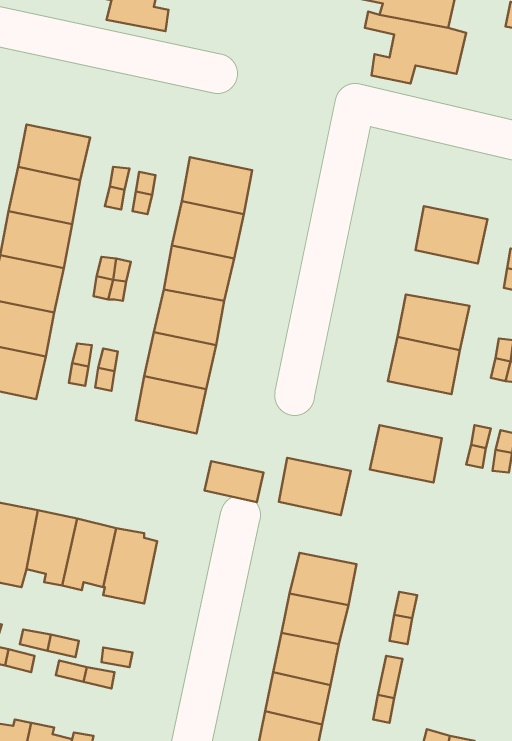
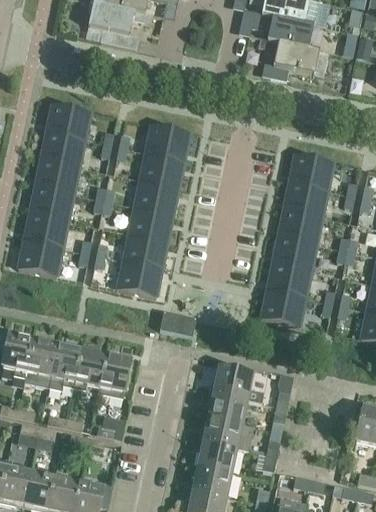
building: none -> [283,183,327,217]
building: [279,458,351,515] -> [267,263,311,298]

